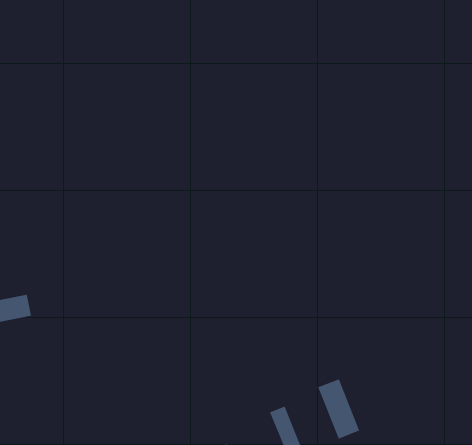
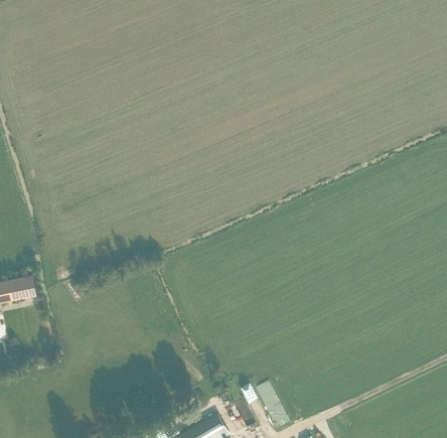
building: [318,378,360,439] -> none

